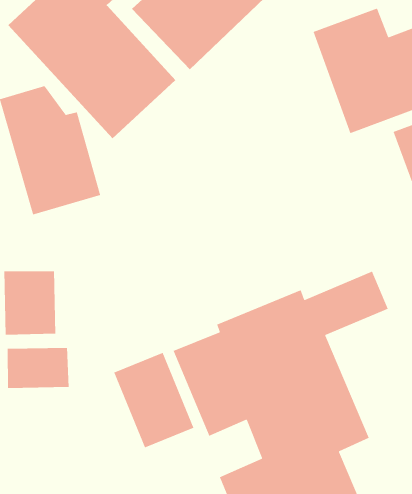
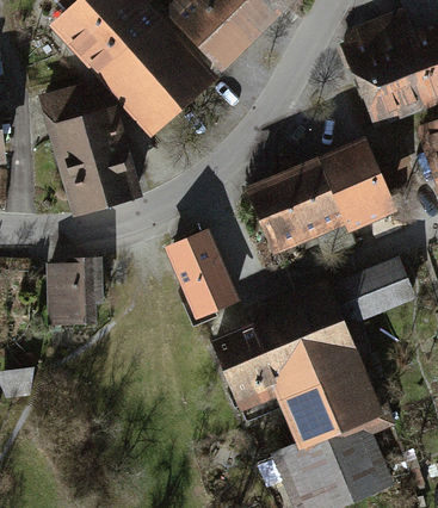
building: none -> [243,138,394,254]
building: [7,347,69,389] -> none
building: [113,352,194,448] -> [162,231,240,323]

